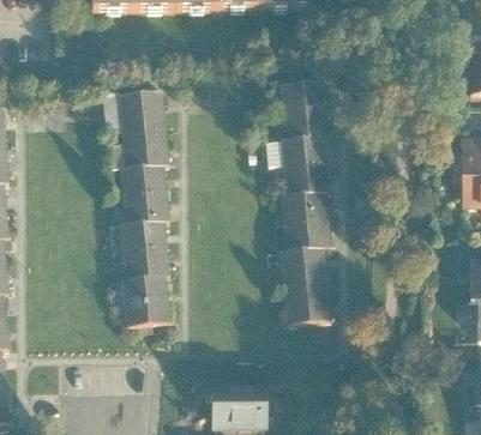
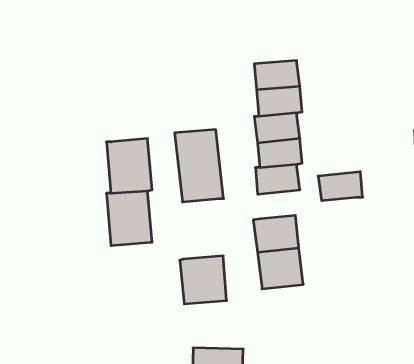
building: [115,90,168,168] -> [175,130,224,202]
building: [282,219,330,250] -> [318,172,363,201]
building: [120,276,170,327] -> [180,256,227,304]

